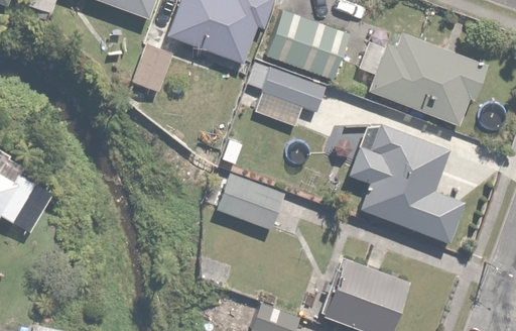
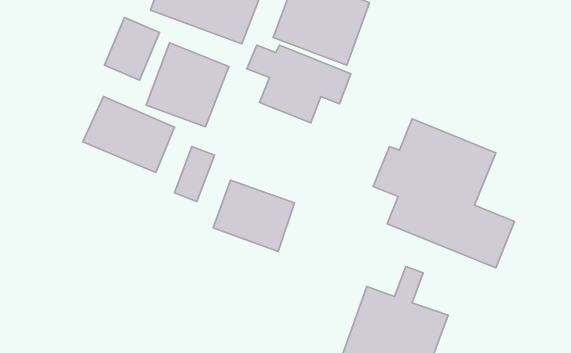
building: [369,38,485,120] -> none
building: none -> [146,43,229,127]
building: none -> [83,97,175,173]

